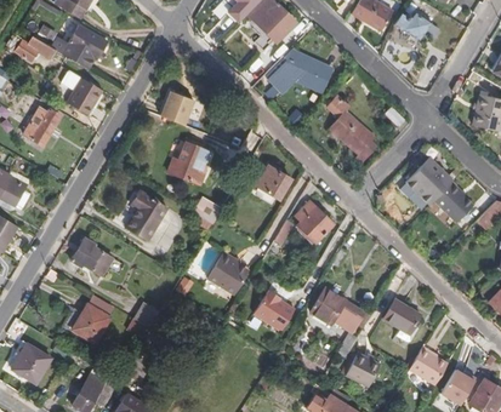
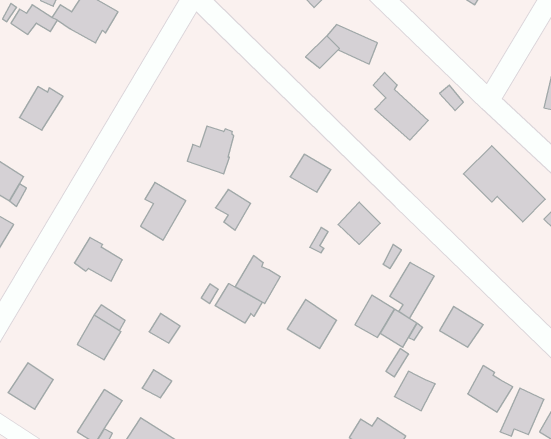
building: [64,76,99,114] -> none
building: [156,90,194,126] -> none
building: none -> [390,262,434,318]
building: none -> [215,284,262,323]

